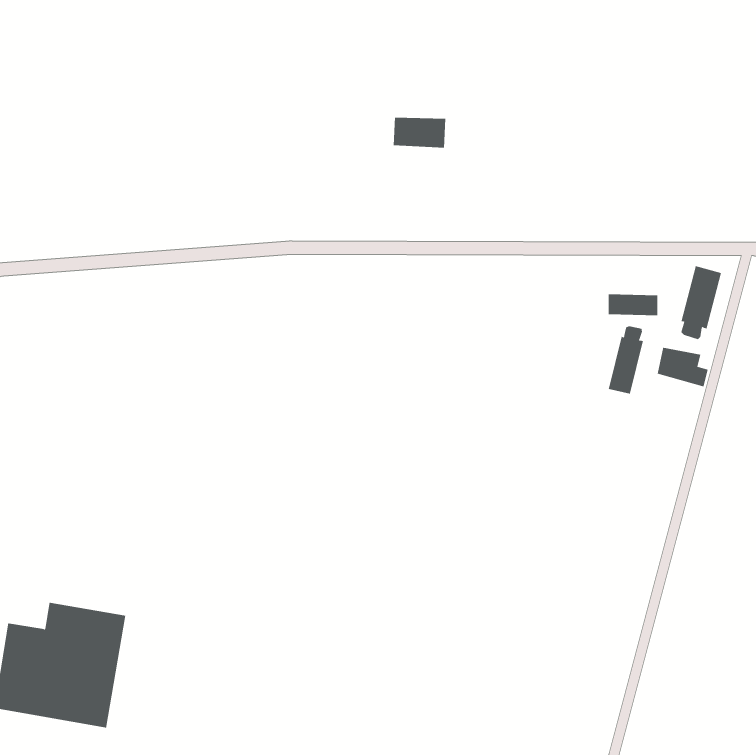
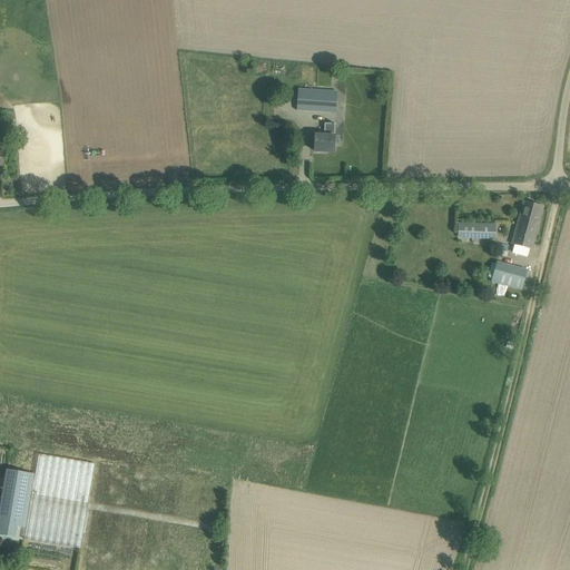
building: none -> [313,122,334,150]
building: [608,325,644,395] -> none

